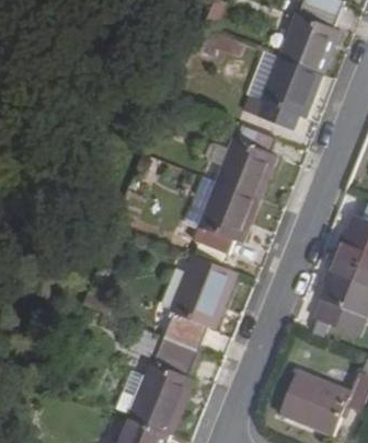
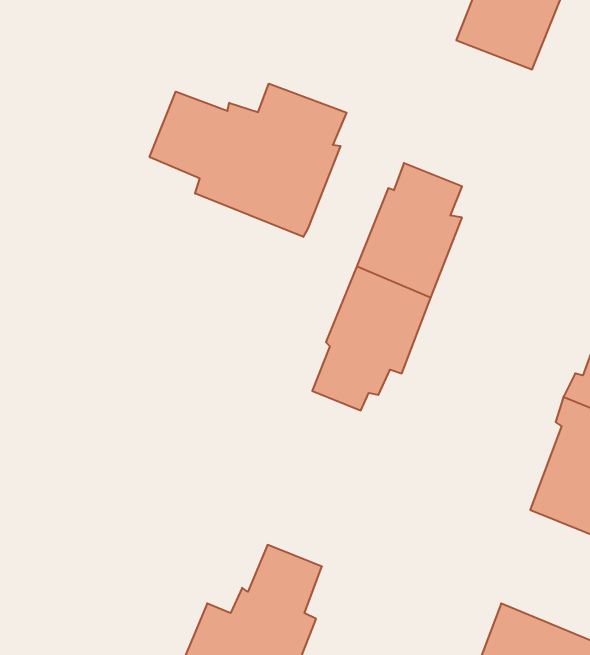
building: [252,55,315,126] -> none
building: none -> [150,84,347,237]
building: [166,256,235,350] -> none

